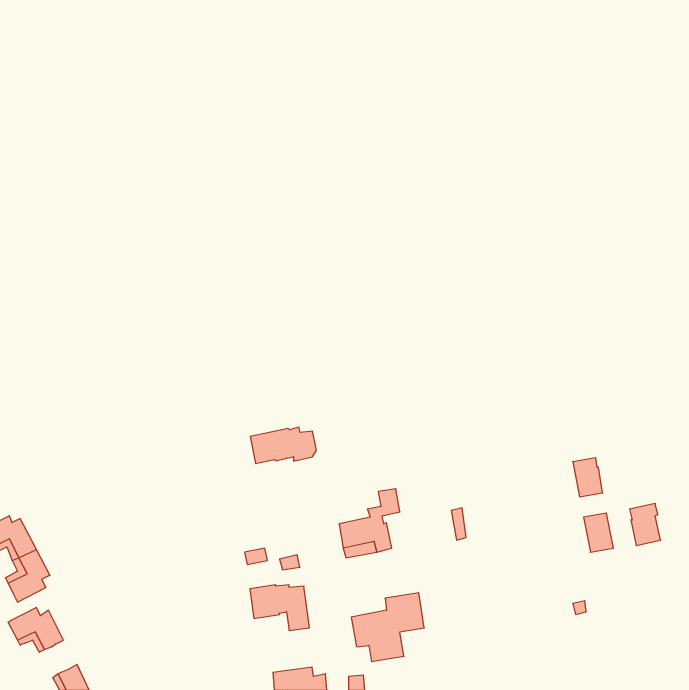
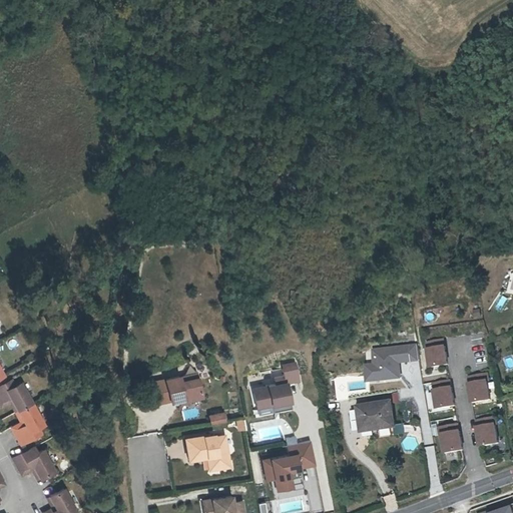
building: [250,427,316,464] -> [153,375,202,402]
building: none -> [367,343,420,384]
building: none -> [360,402,393,428]
building: none -> [476,419,498,449]
building: none -> [439,425,464,456]

